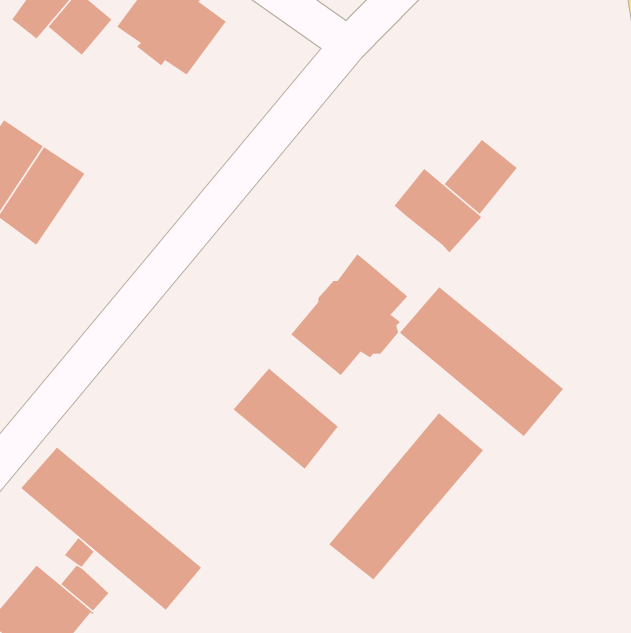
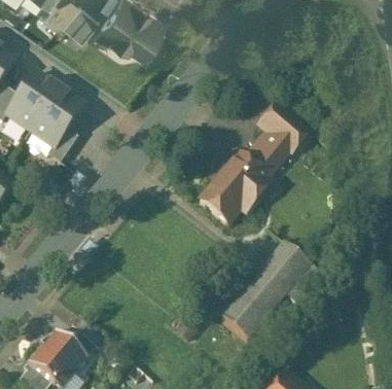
building: [444,139,518,215] -> [242,133,284,176]
building: [399,286,564,437] -> none
building: [233,367,339,470] -> none
building: [20,447,202,611] -> none

